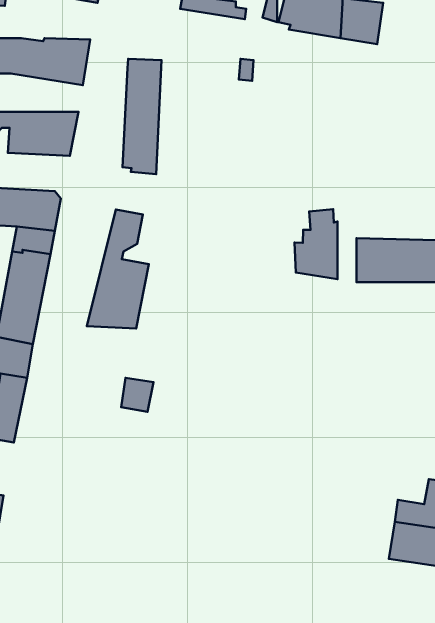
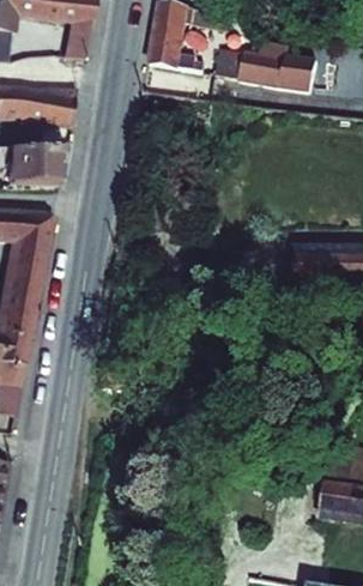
building: [122,59,162,174] -> none
building: [295,209,337,279] -> none
building: [87,210,149,329] -> none

